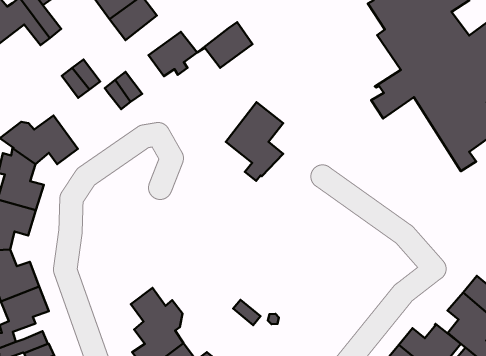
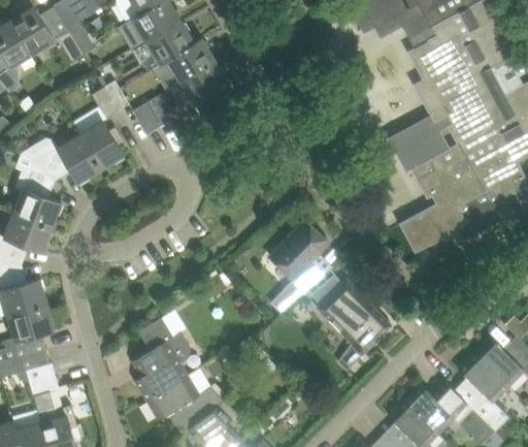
building: [197,22,253,68] -> [158,37,214,82]
building: none -> [398,150,484,252]
building: none -> [77,120,123,169]
building: [226,102,283,181] -> [268,219,328,298]
building: none -> [317,279,390,354]

